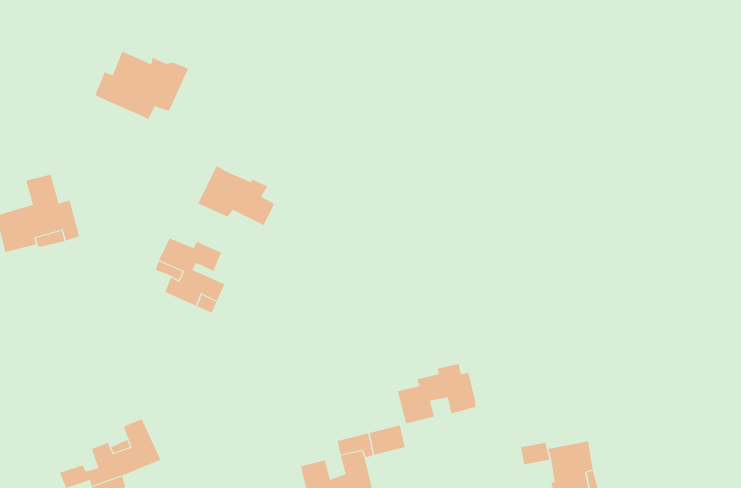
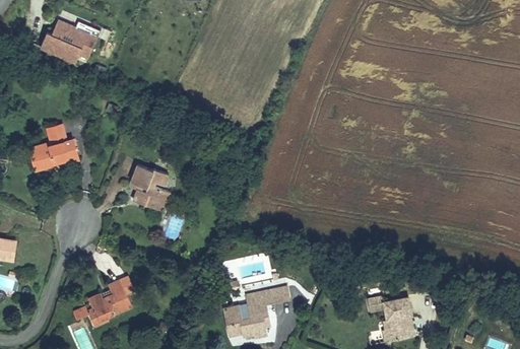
building: [95,51,189,119] -> [38,20,98,64]
building: [198,165,275,226] -> none
building: [397,363,476,424] -> none

